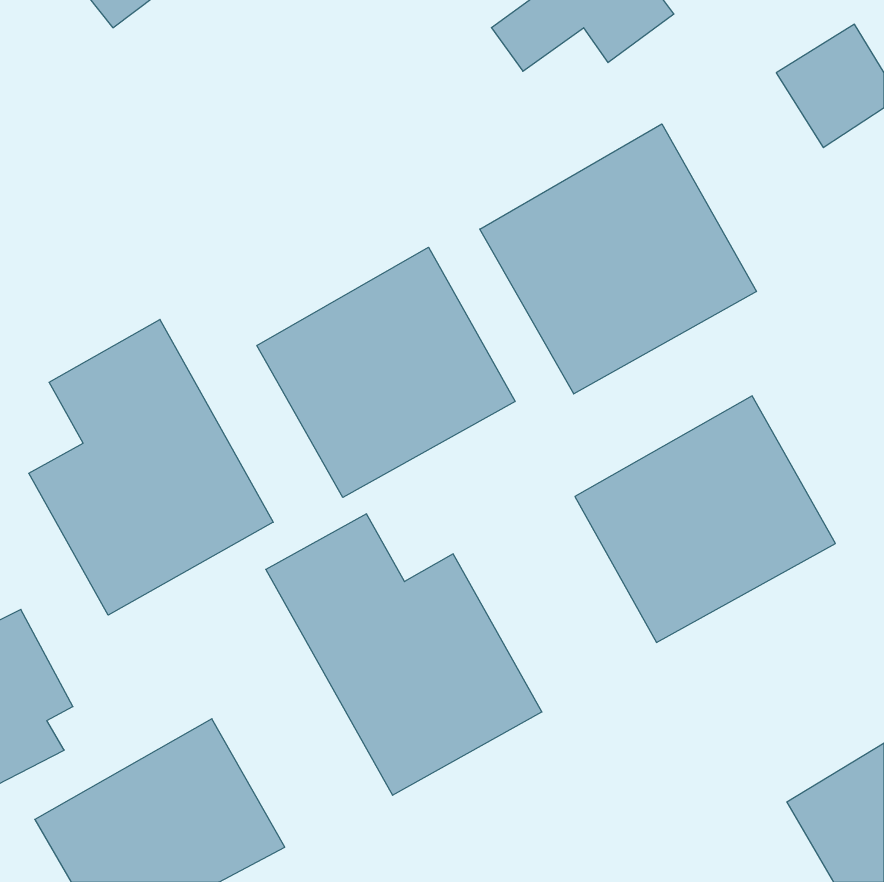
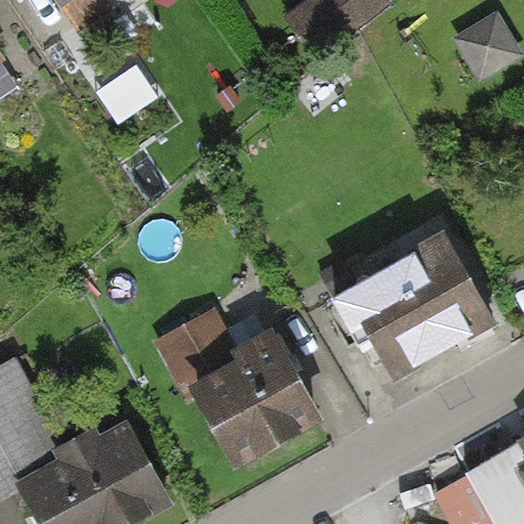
building: [480,124,756,394] -> none
building: [257,247,515,497] -> none
building: [29,319,273,615] -> none

